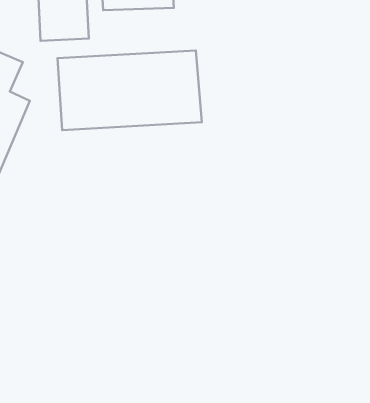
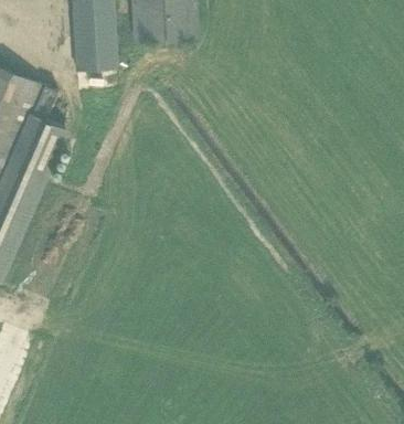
building: [58,50,202,130] -> none

